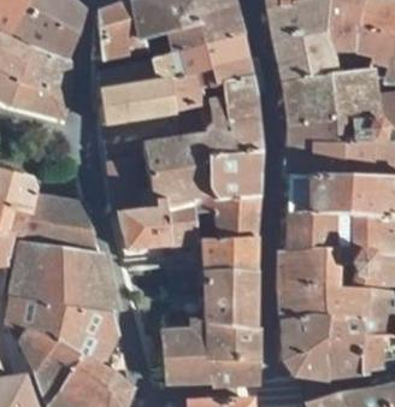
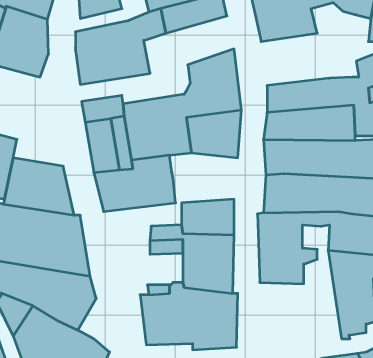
building: [166,58,255,113] -> none
building: [282,69,378,126] -> none
building: [191,193,259,241] -> none
building: [281,288,361,381] -> none

